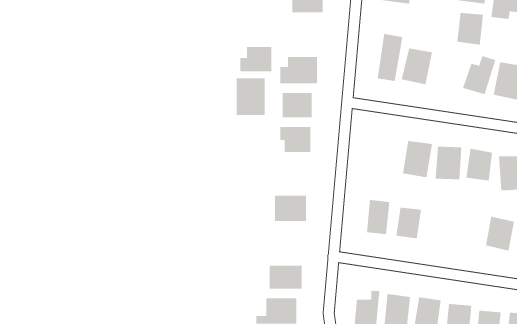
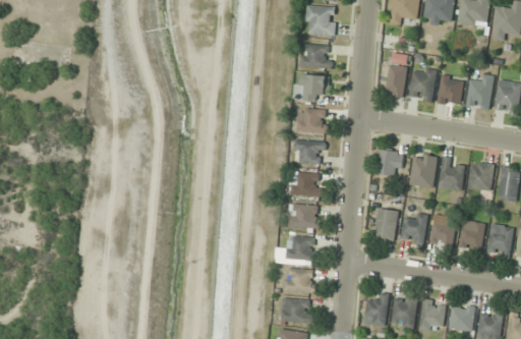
building: [456,12,484,45] -> [437,76,462,107]
building: [239,47,272,72] -> [300,45,331,68]
building: [236,77,265,116] -> none
building: none -> [379,151,401,176]
building: none -> [290,172,322,197]
building: none -> [430,219,454,247]
building: none -> [457,220,484,252]
building: none -> [286,237,314,261]

